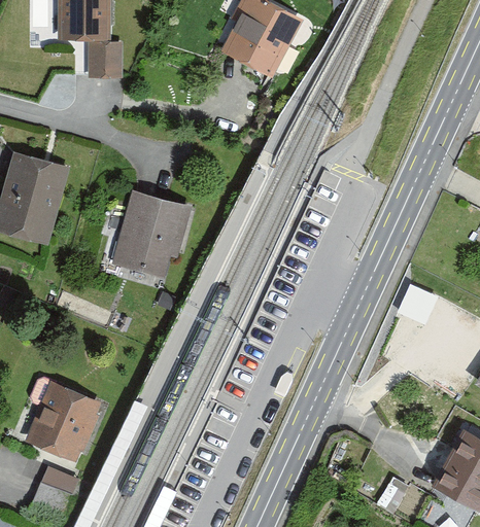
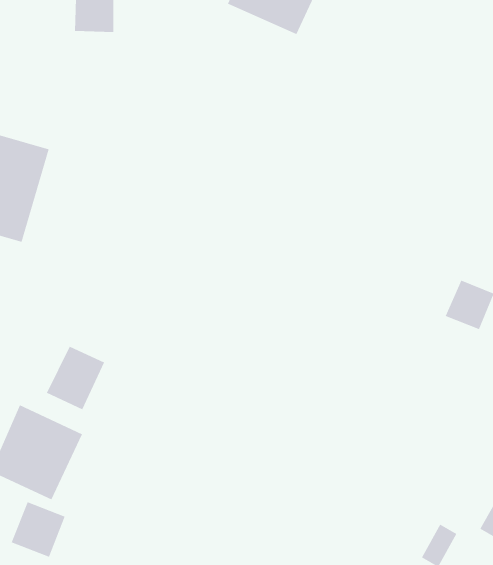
building: [109,192,190,282] -> none
building: none -> [46,346,105,410]

